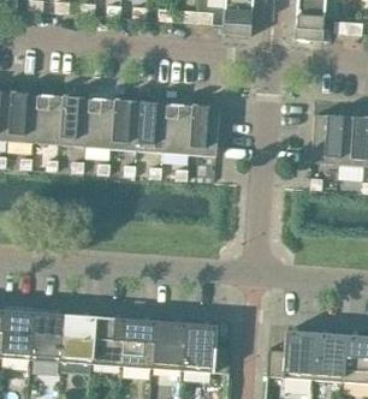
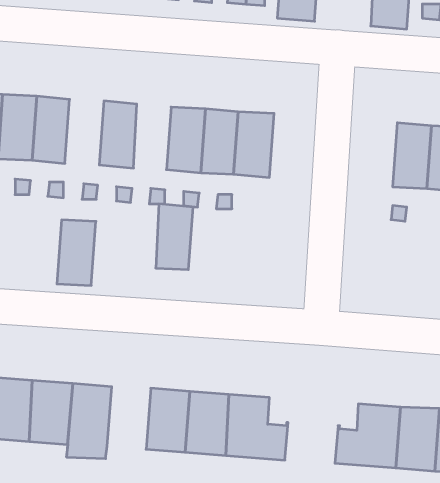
building: [58,96,88,147] -> [57,220,96,285]
building: [111,100,140,150] -> [156,204,193,270]
building: [90,317,124,365] -> none

